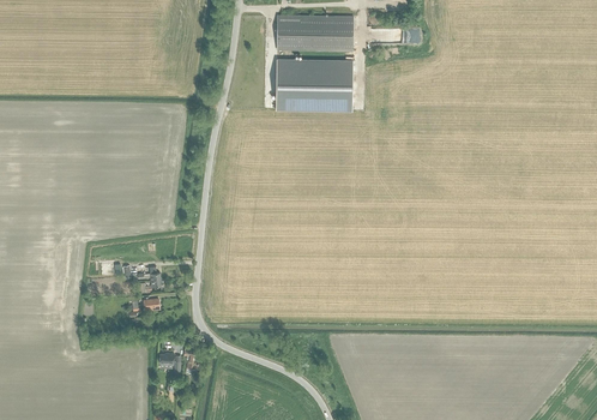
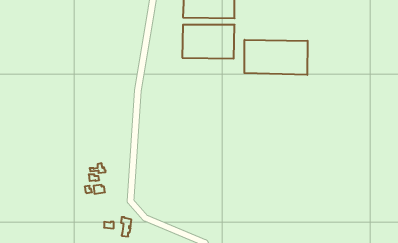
building: none -> [244,40,308,75]

